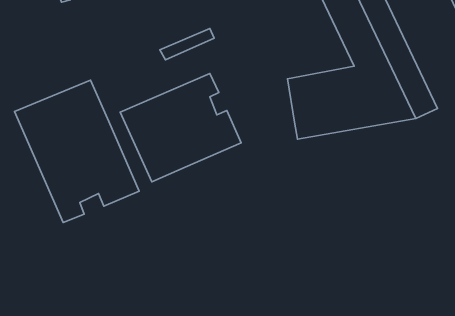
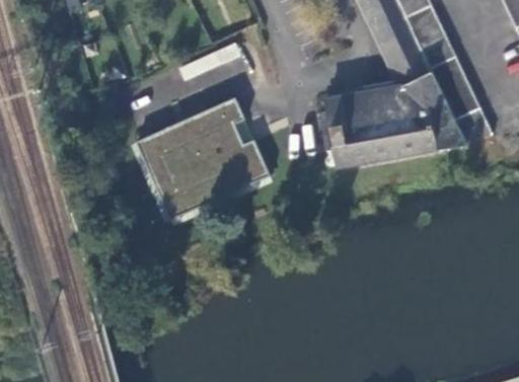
building: [15,80,139,222] -> none

